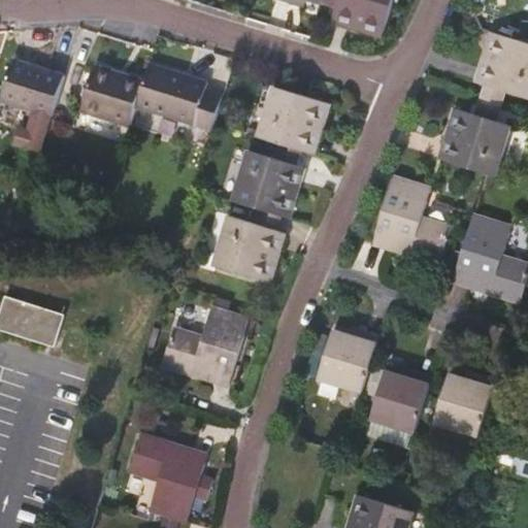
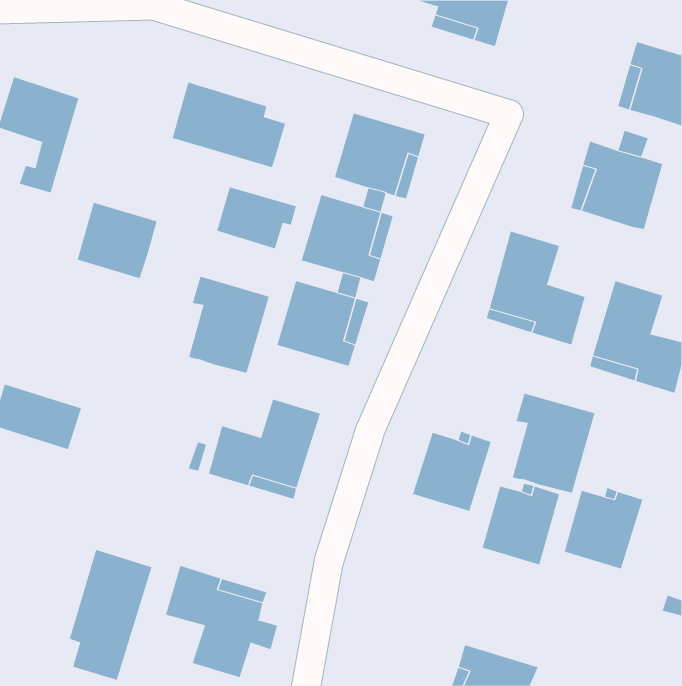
building: [77,66,139,125] -> [77,202,158,279]
building: none -> [217,187,297,249]
building: none -> [188,276,270,374]
building: none -> [512,393,595,494]
building: none -> [69,549,152,680]

